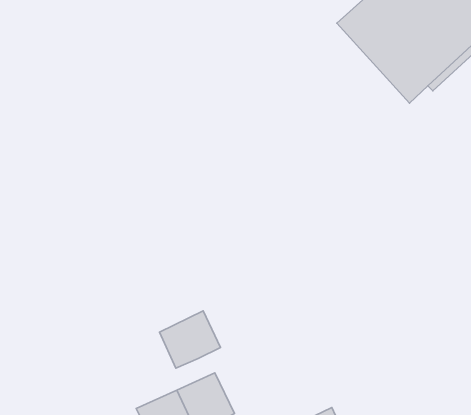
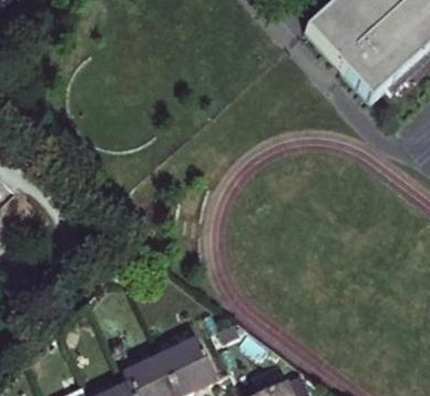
building: [159,311,220,368] -> none

